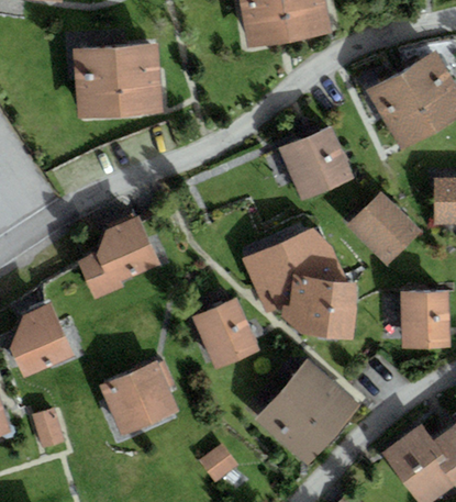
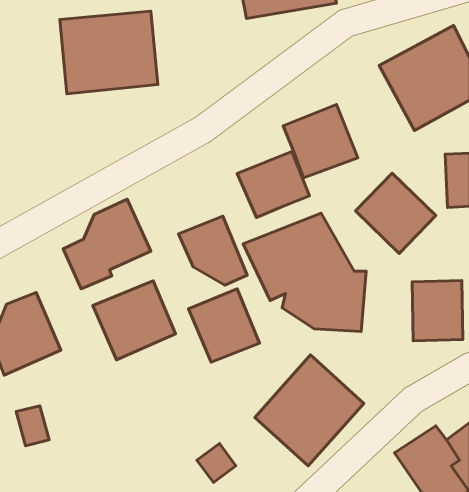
building: none -> [237,152,309,218]
building: none -> [179,216,247,285]
building: [100,361,177,435] -> [93,281,176,360]

